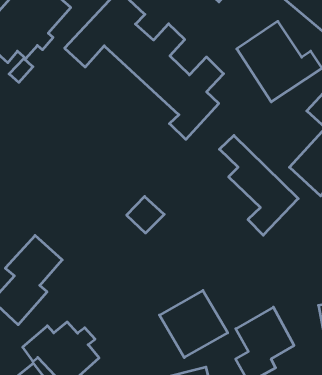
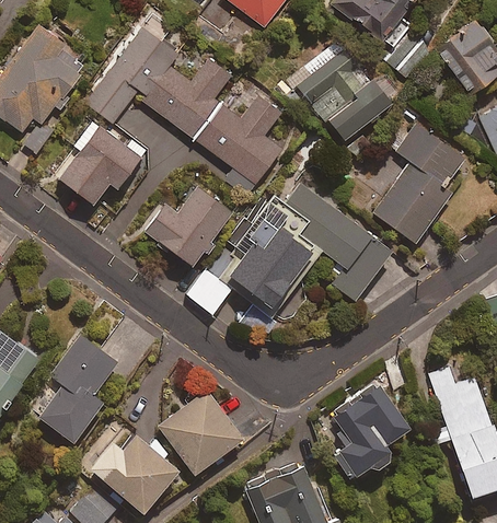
building: none -> [58,119,143,204]
building: none -> [143,185,231,265]
building: none -> [224,194,320,314]
building: [159,290,228,358] -> [158,390,242,473]

